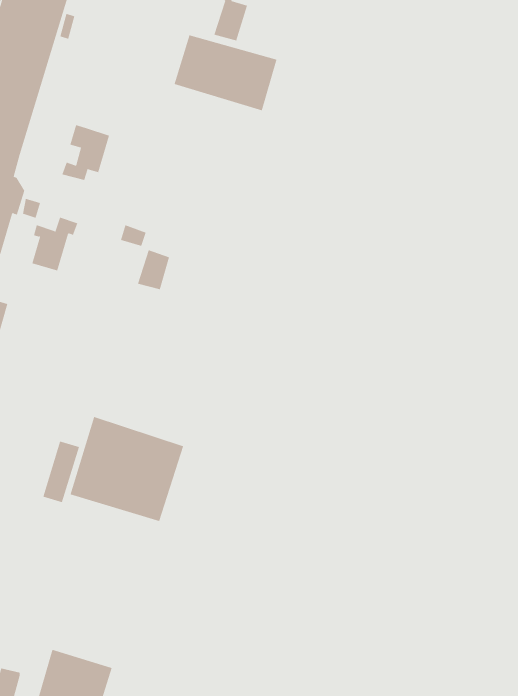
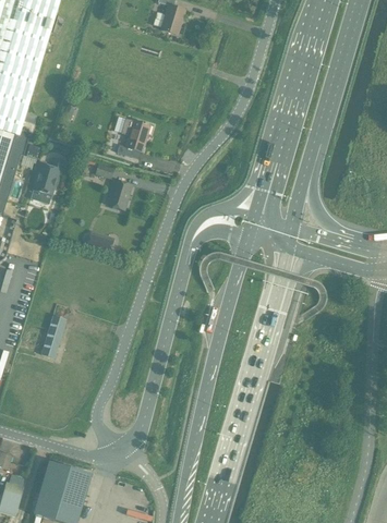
building: [174,34,277,111] -> none
building: [62,125,110,181] -> [113,119,147,158]
building: [70,416,184,522] -> none

